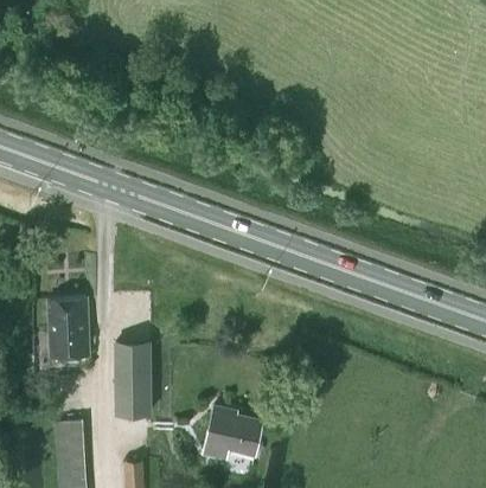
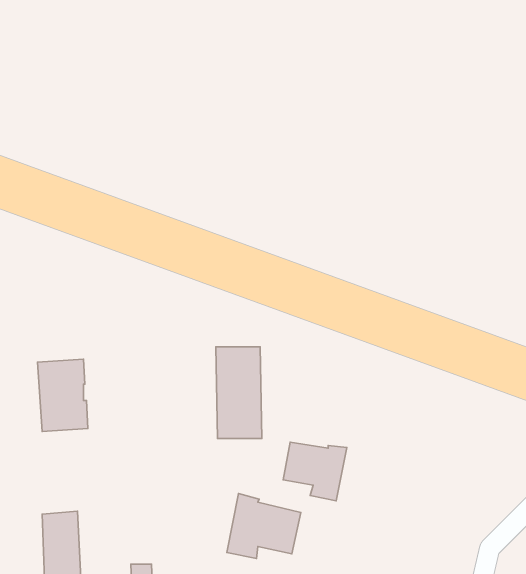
building: [114,342,151,416] -> [216,347,262,438]
building: none -> [283,442,347,501]

